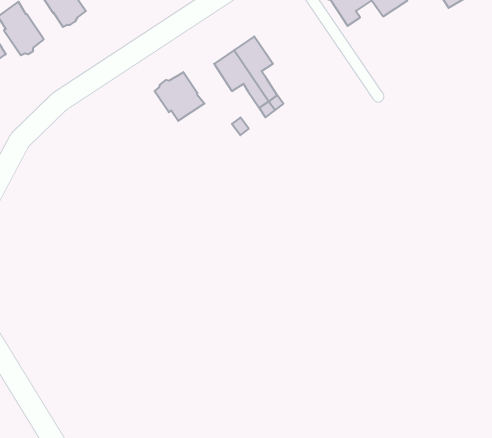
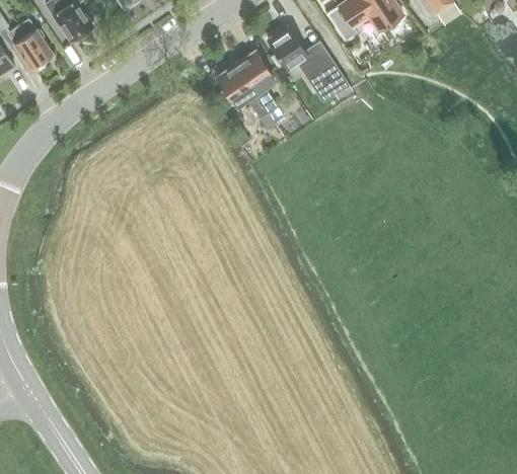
building: none -> [268,26,348,93]
building: [155,72,205,121] -> none

